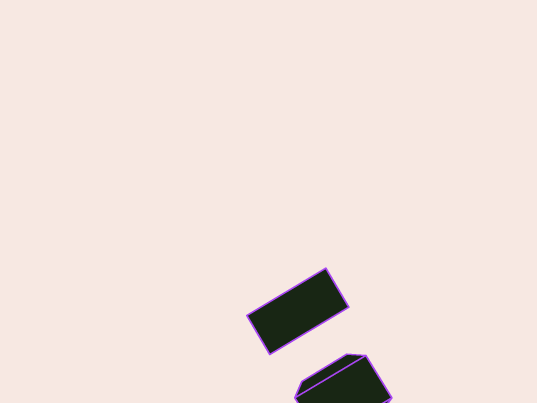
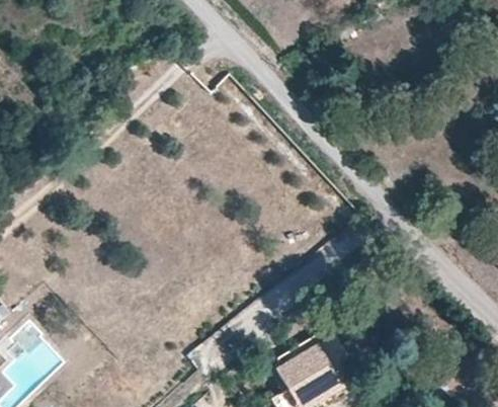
building: [247,268,349,354] -> none

